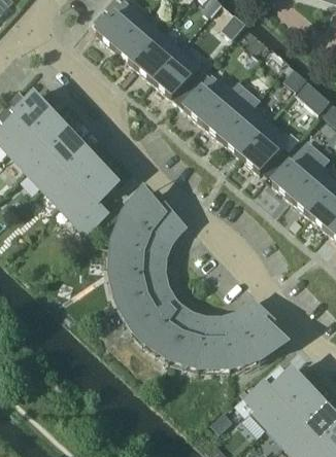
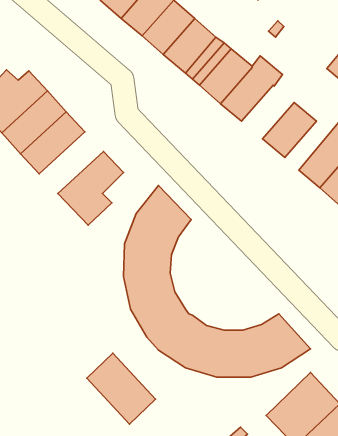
building: [222,107,268,154] -> none
building: [43,148,100,203] -> none
building: none -> [87,353,156,424]

